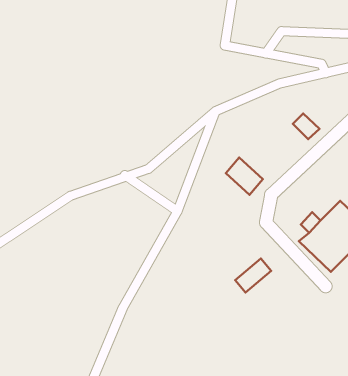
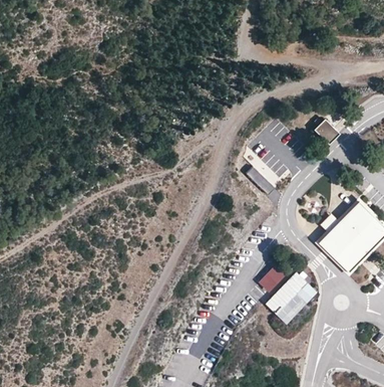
building: none -> [265,270,320,326]

